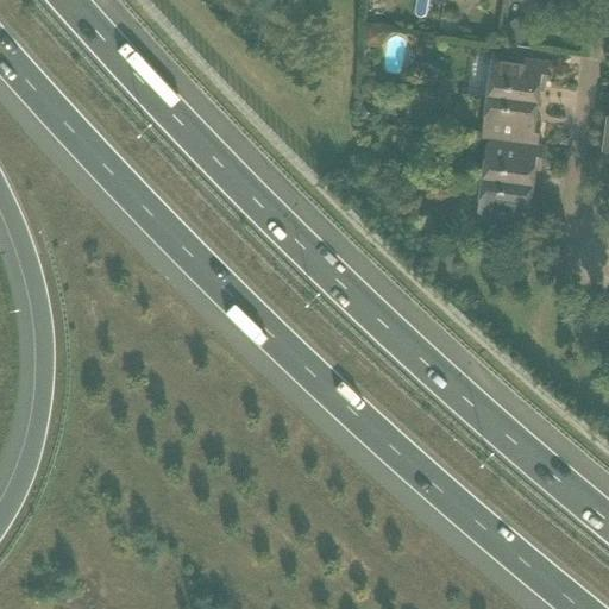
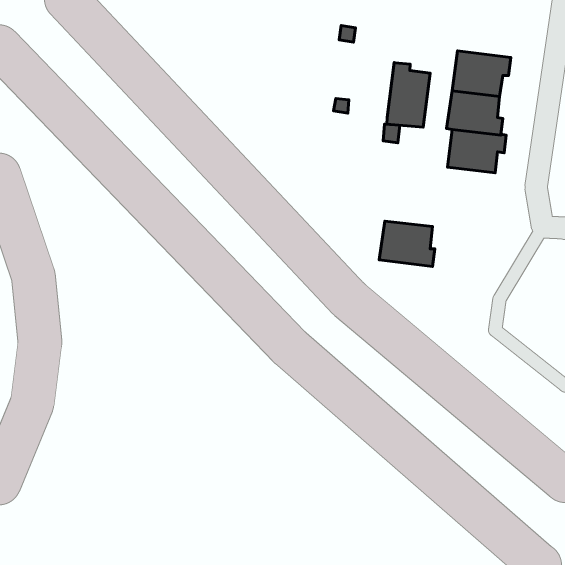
building: none -> [387,62,430,127]
building: [475,180,534,228] -> [379,221,435,266]

